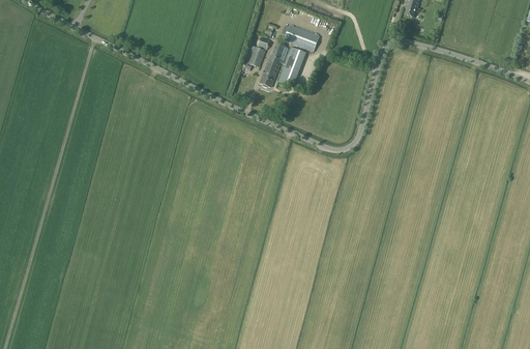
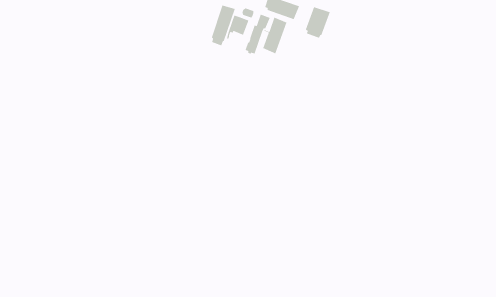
building: none -> [211,5,236,46]
building: none -> [305,6,331,39]

